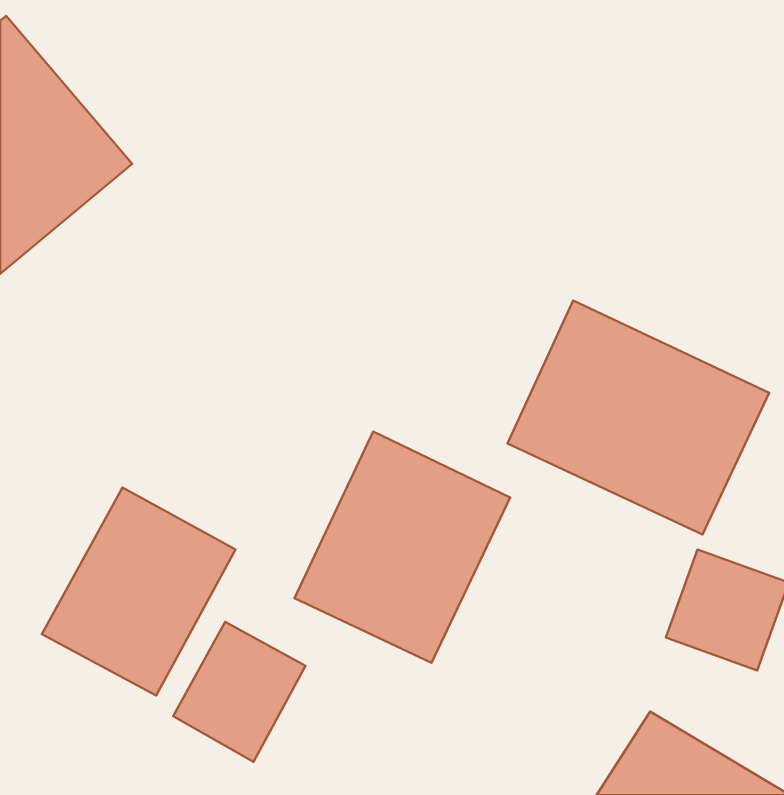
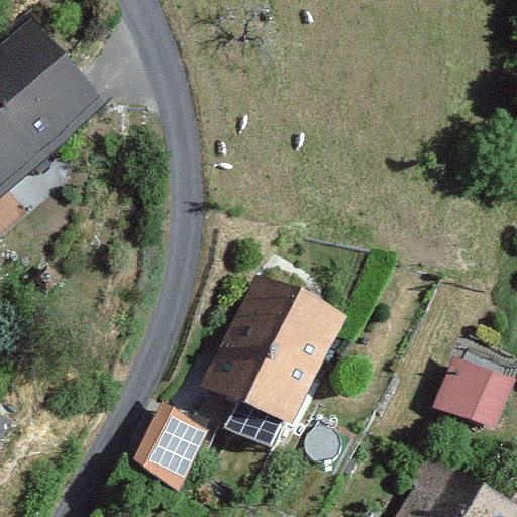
building: [508,300,769,535] -> none
building: [42,487,236,696] -> none

